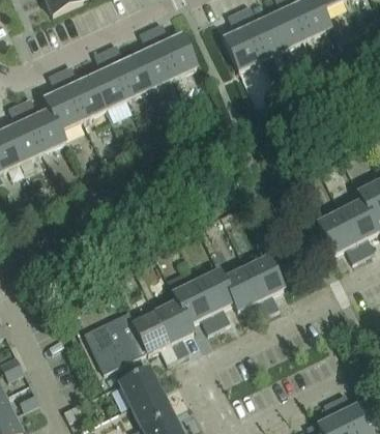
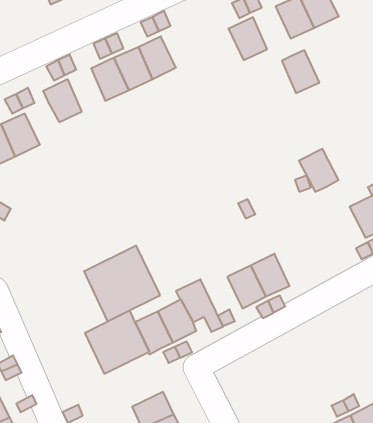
building: [247,17,284,58] -> [282,50,319,93]
building: [158,34,196,76] -> none
building: [68,77,105,118] -> none
building: [27,110,65,150] -> none
building: [318,210,356,252] -> [299,149,339,192]
building: none -> [84,245,160,322]
building: [197,269,233,311] -> none
building: [119,367,160,404] -> none

